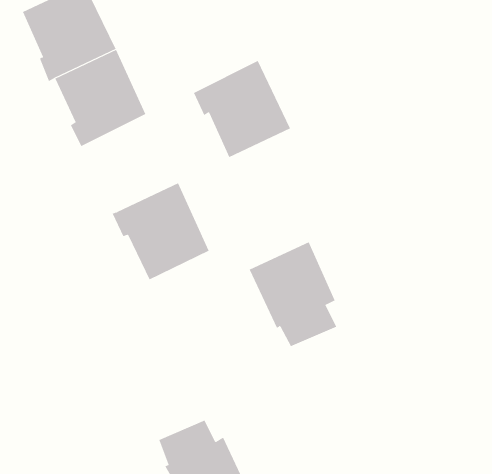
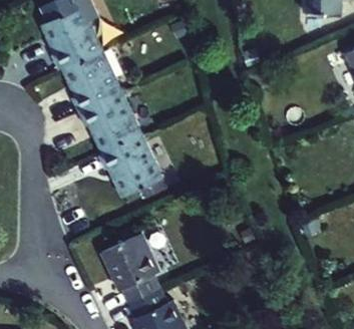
building: [193,60,291,158] -> [79,91,142,154]
building: [249,241,337,347] -> [102,234,159,302]

